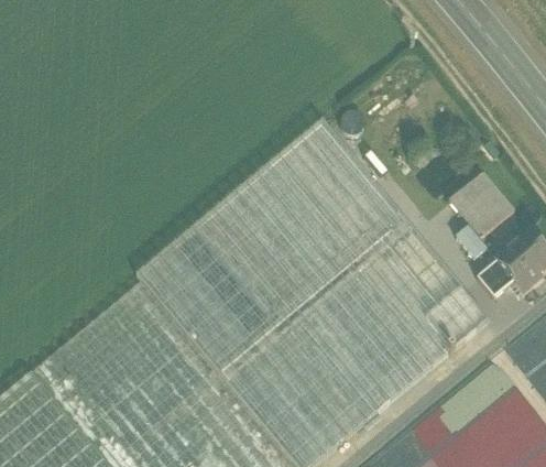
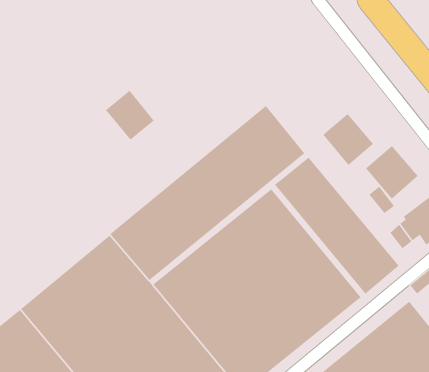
building: none -> [105,90,155,141]
building: none -> [322,113,374,166]

